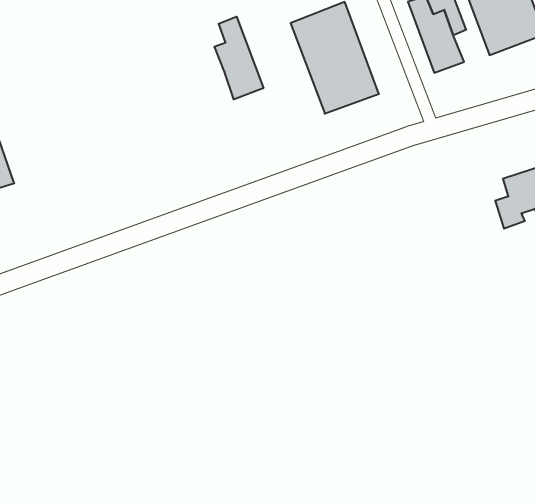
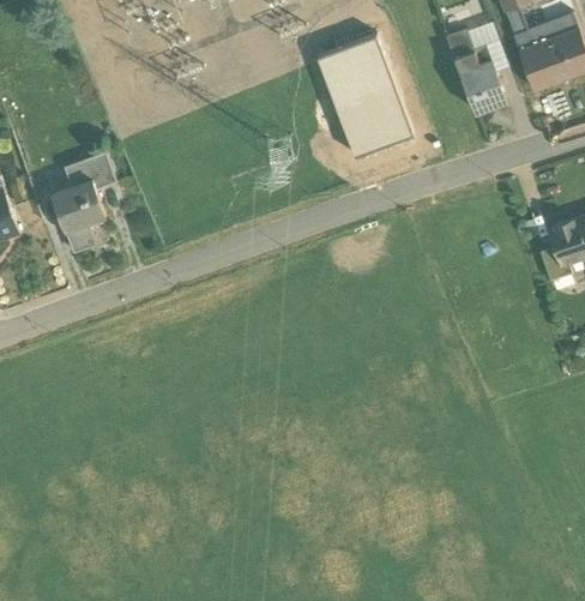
building: [214,17,263,99] -> none
building: none -> [50,151,114,251]

